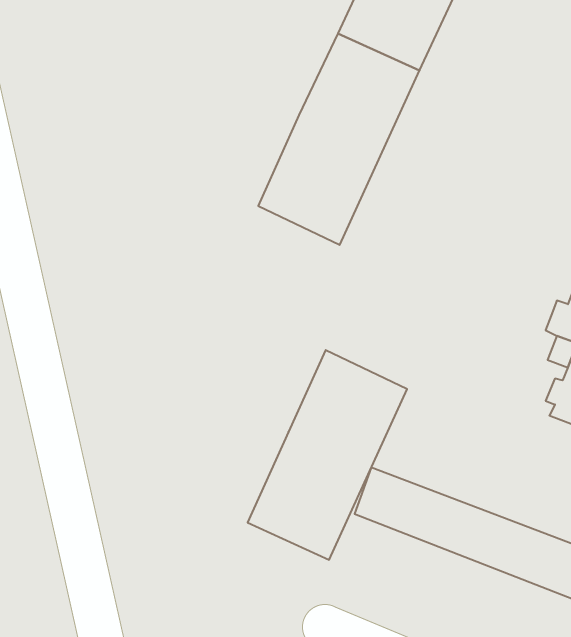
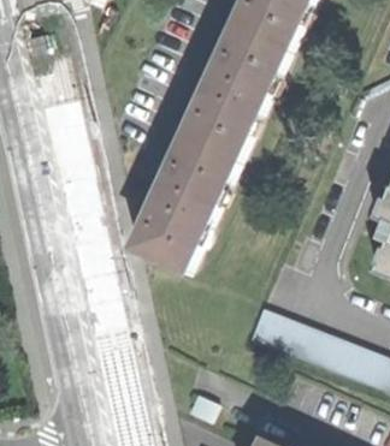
building: [248,350,407,560] -> [136,136,240,272]

